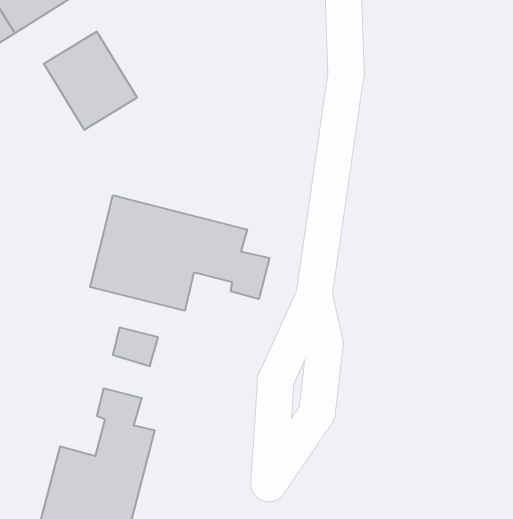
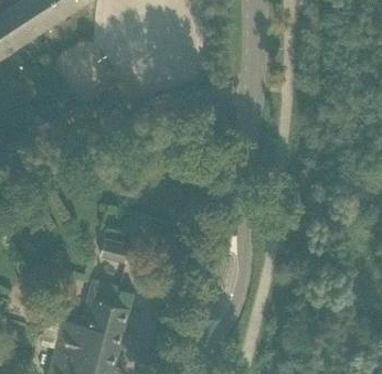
building: [90,195,270,311] -> none

